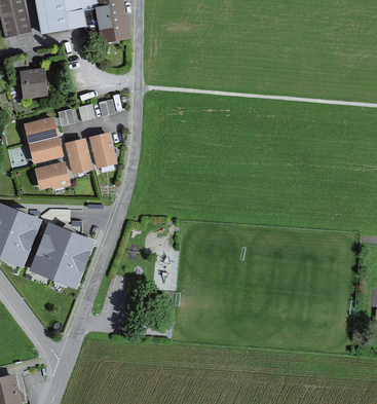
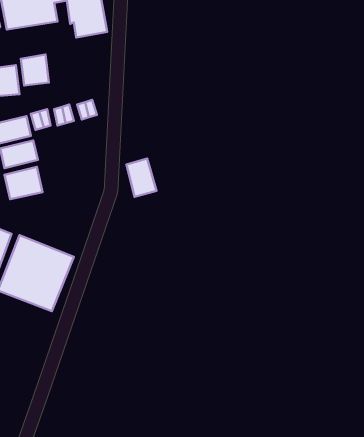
building: none -> [21,55,49,86]
building: [89,131,116,164] -> [126,159,157,197]
building: [66,137,92,173] -> none

